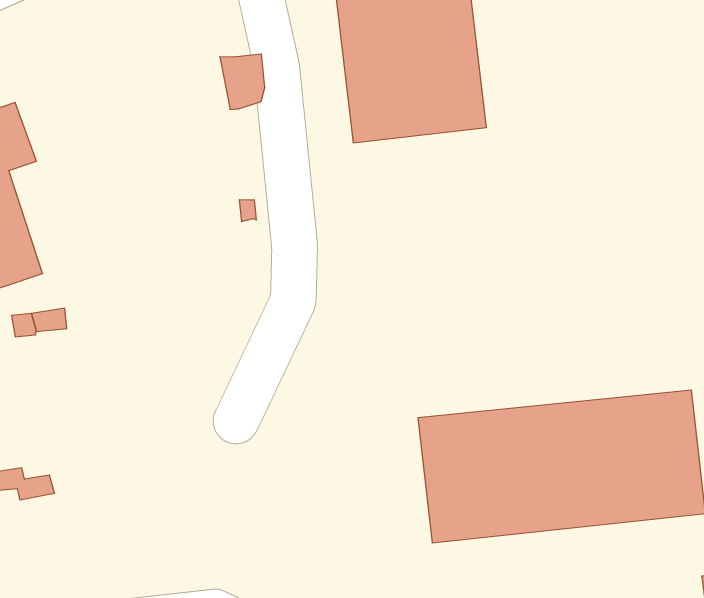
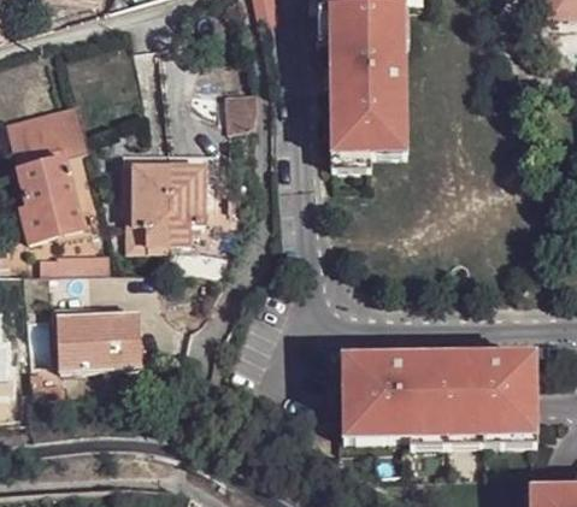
building: none -> [133,160,207,241]
building: none -> [58,307,142,365]

